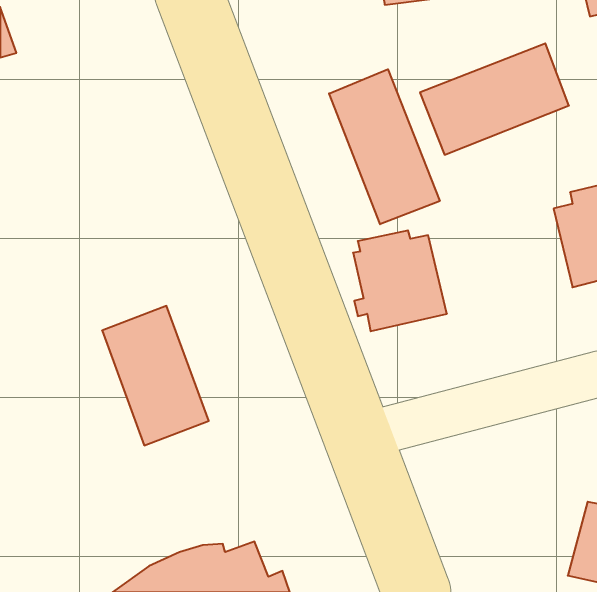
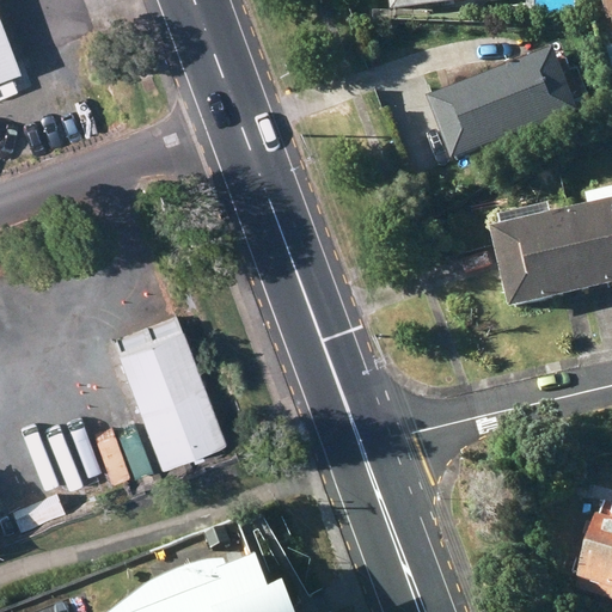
building: [329,69,440,224] -> none
building: [353,230,447,331] -> [490,208,586,311]

